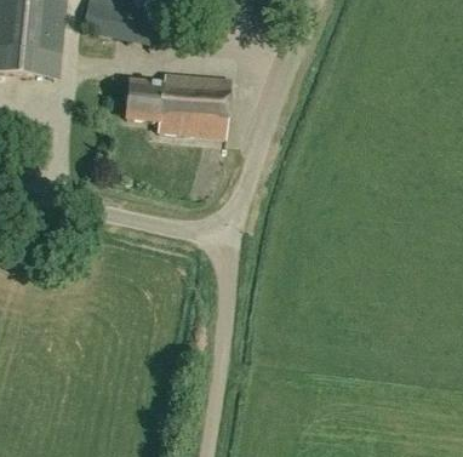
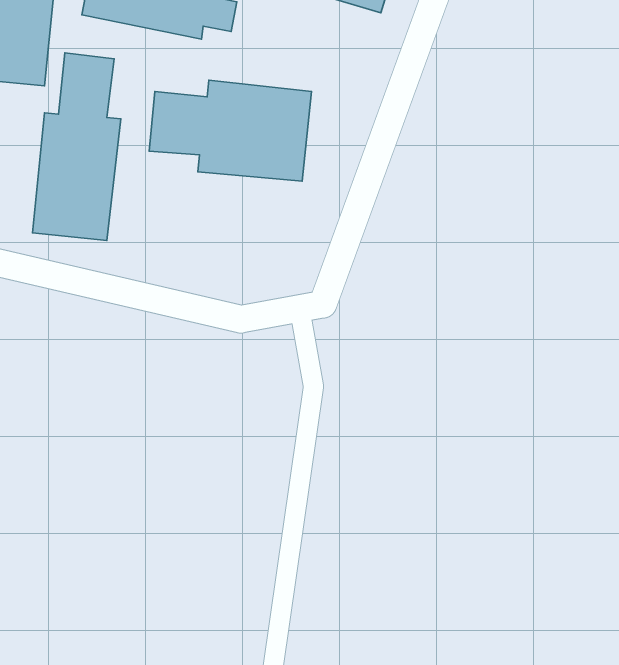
building: none -> [32,53,121,241]

